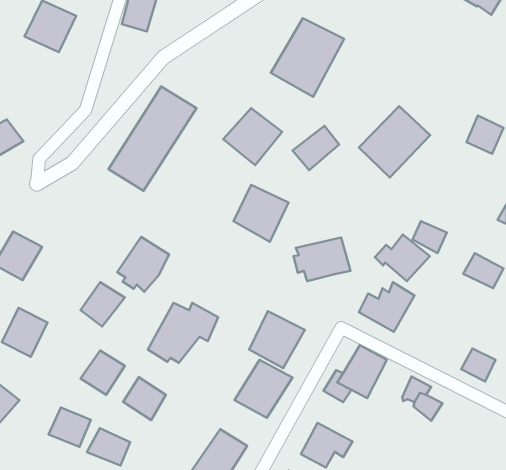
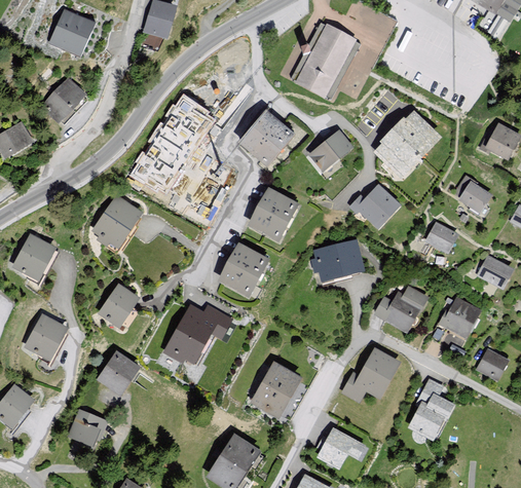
building: none -> [46,79,91,126]
building: none -> [452,177,489,210]
building: [375,235,430,281] -> [349,185,404,231]
building: [117,237,169,292] -> [90,196,142,251]
building: none -> [436,297,481,340]
building: [249,311,305,368] -> [220,242,275,299]
building: [123,377,166,420] -> none
building: none -> [406,401,445,442]
building: [87,428,130,466] -> none

